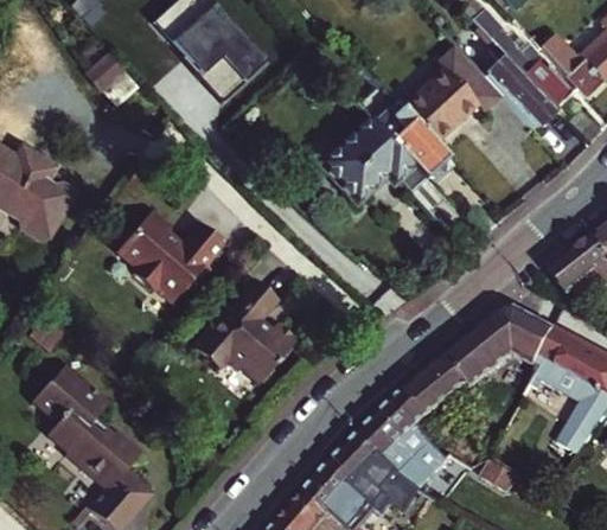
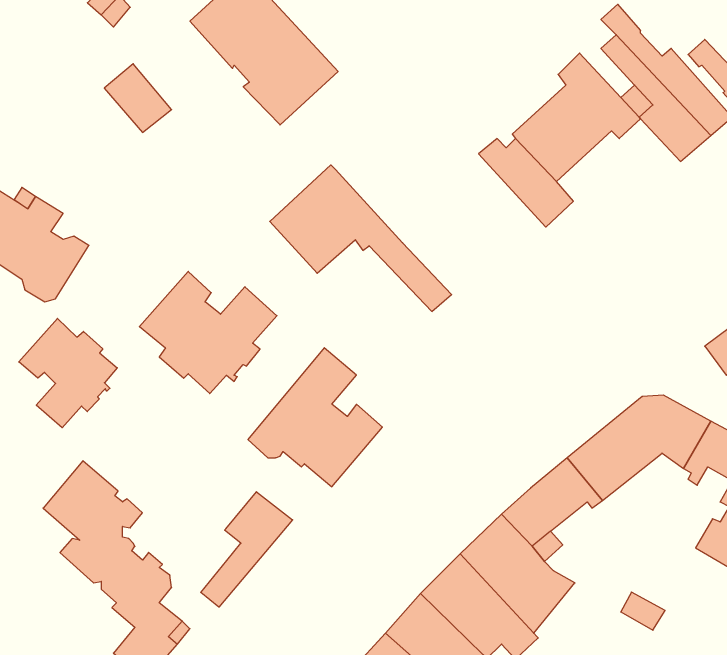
building: [324,116,465,230] -> [270,165,452,311]
building: none -> [19,318,117,428]
building: none -> [201,492,293,607]

